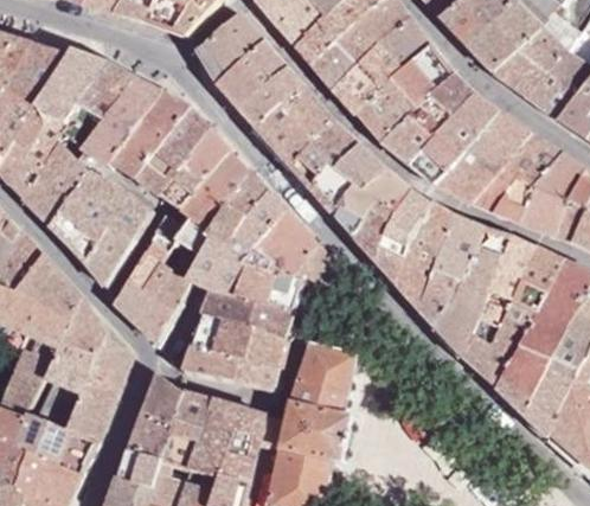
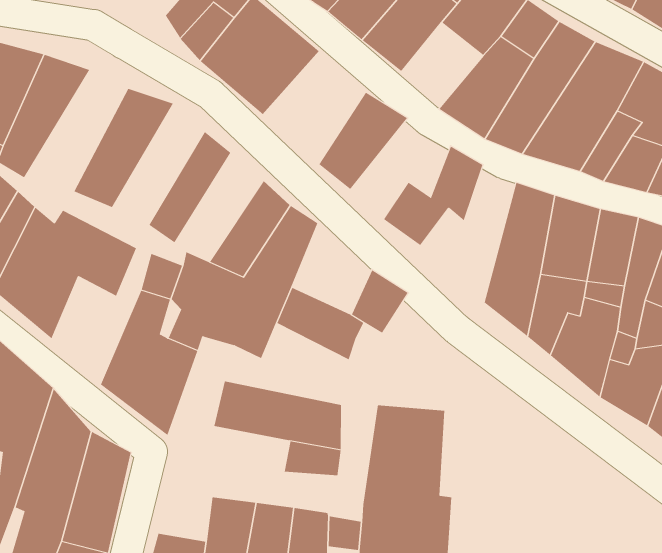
building: [76,79,163,184] -> none
building: [358,81,417,141] -> none
building: [256,89,331,168] -> none
building: [141,111,213,194] -> none
building: [310,145,385,213] -> none
building: [181,152,250,226] -> none
building: [354,185,428,282] -> none
building: [259,210,318,277] -> none
building: [85,224,135,289] -> none
building: [203,276,293,340] -> none
building: [184,342,243,382] -> none
building: [141,371,182,423] -> none

